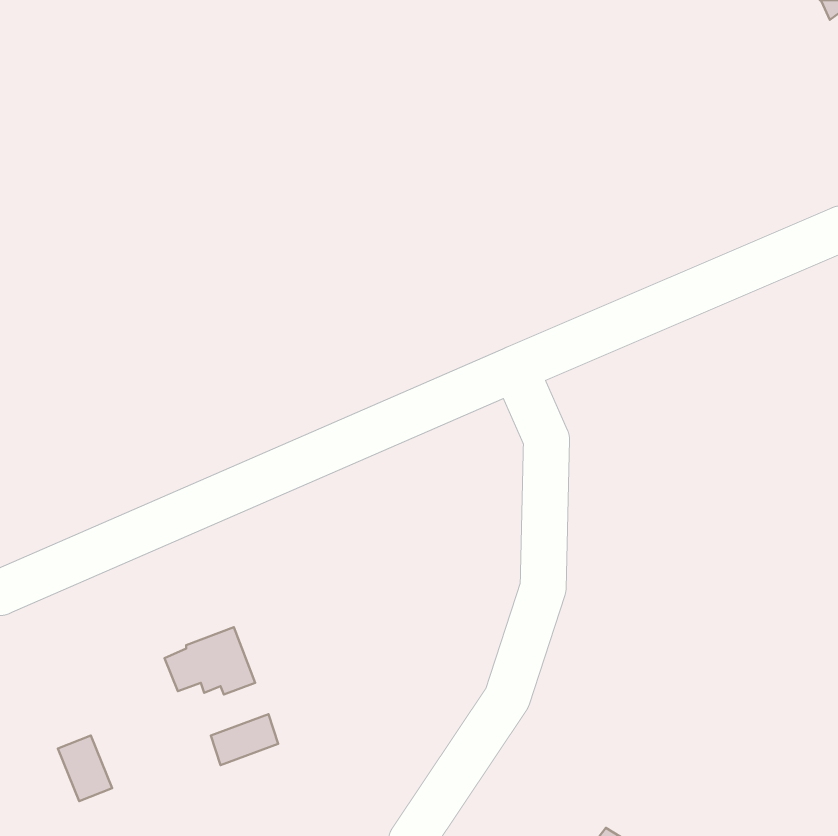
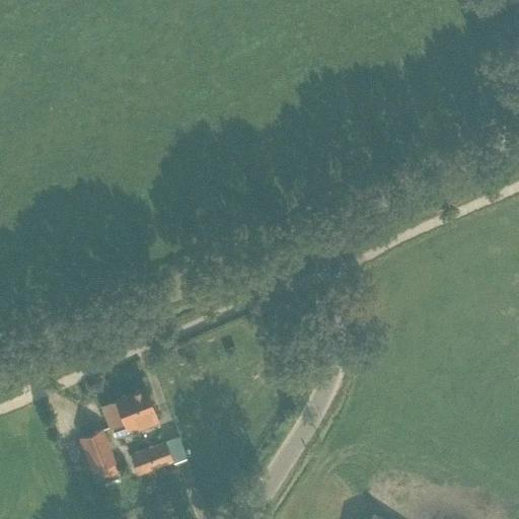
building: [58,735,112,801] -> [82,432,116,472]

